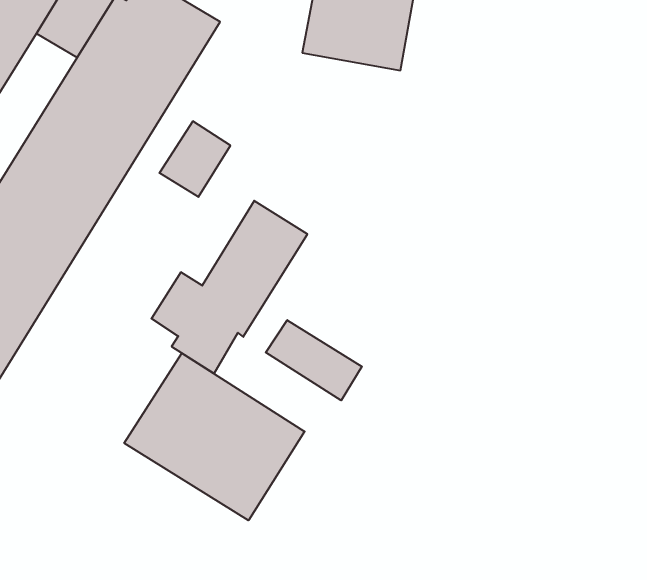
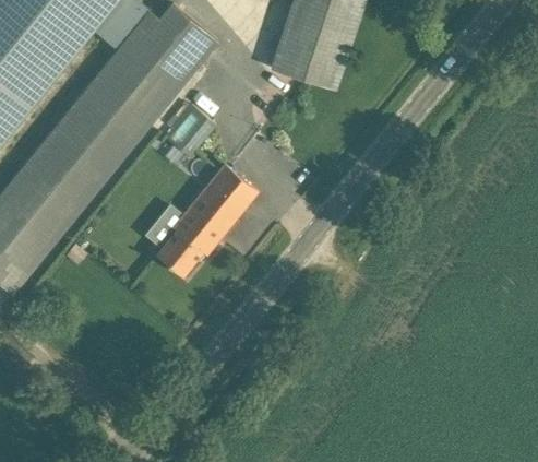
building: [266,320,362,400] -> none
building: [124,353,305,520] -> none

